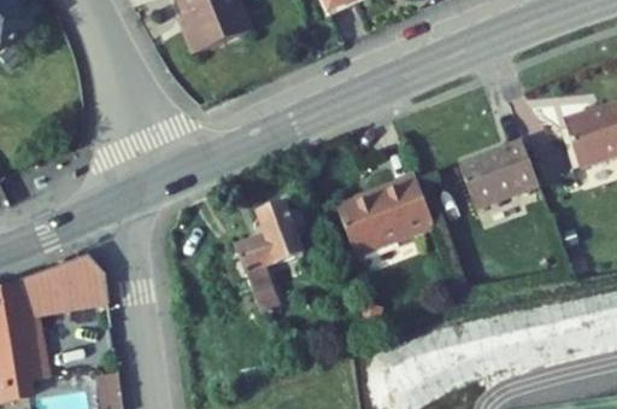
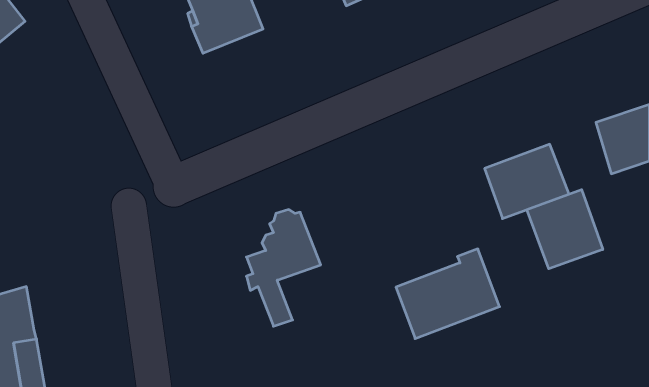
building: [337,170,435,255] -> [396,249,500,339]
building: none -> [527,190,603,269]
building: [29,252,107,314] -> none

